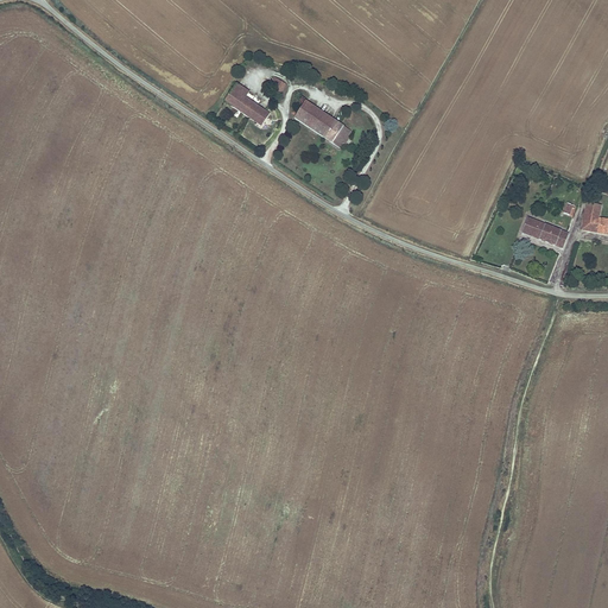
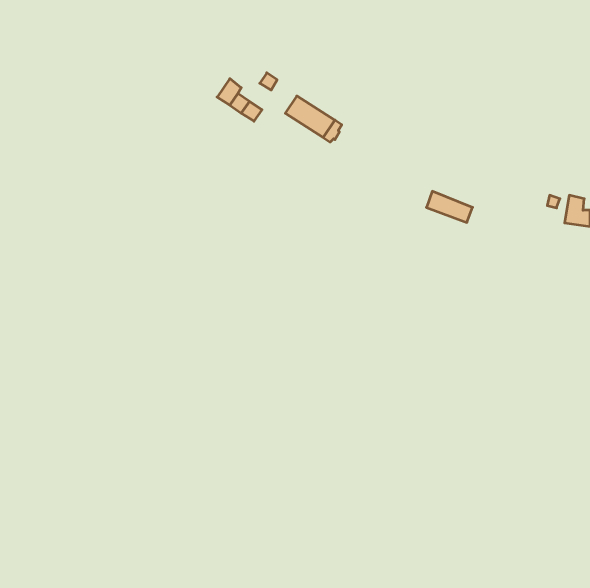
building: [521,215,569,247] -> [426,191,473,222]

